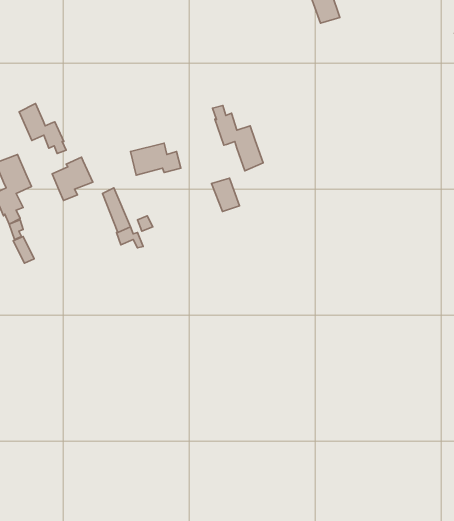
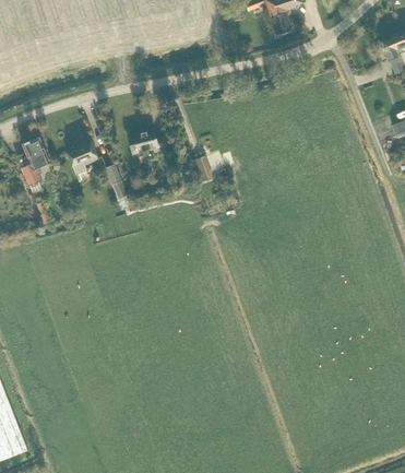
building: [19,103,66,153] -> none
building: [213,106,263,171] -> none

